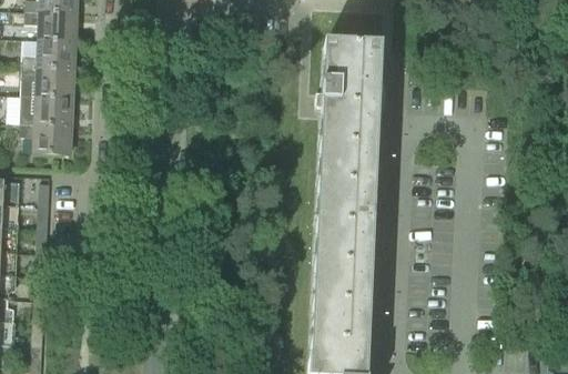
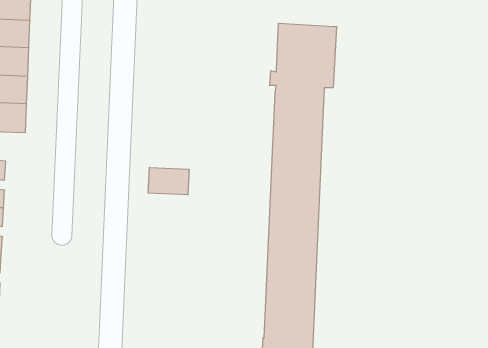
building: none -> [148,167,189,195]

